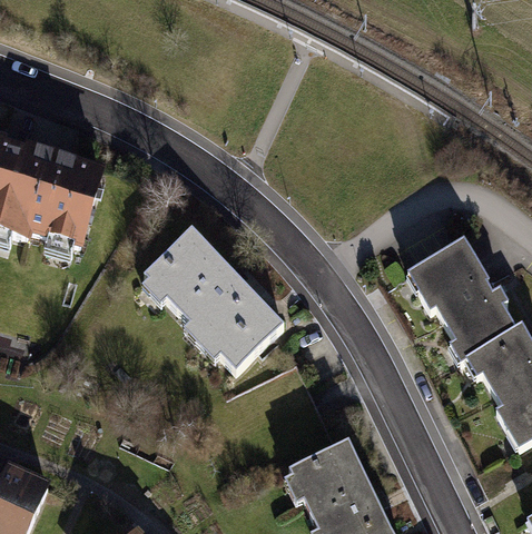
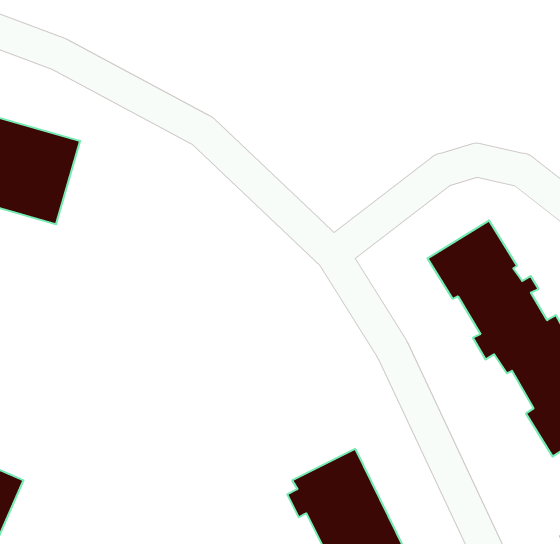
building: [144,227,287,369] -> none

